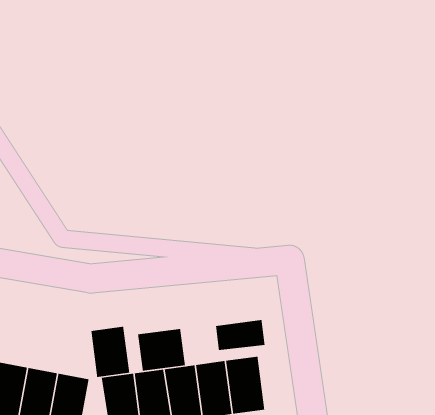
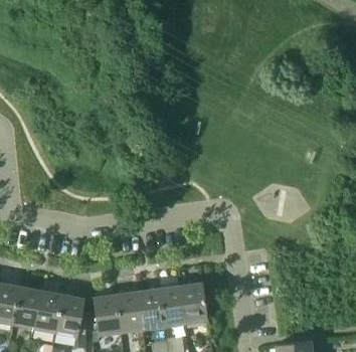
building: [215,319,266,351] -> none
building: [90,326,130,378] -> none
building: [137,328,186,372] -> none

